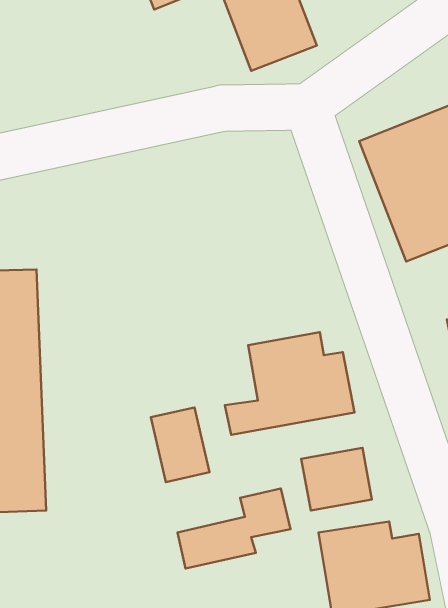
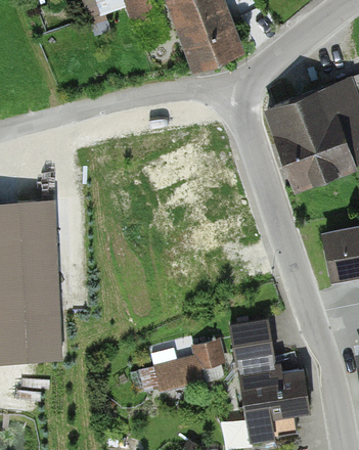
building: [225,332,354,435] -> none
building: [151,407,209,482] -> none

